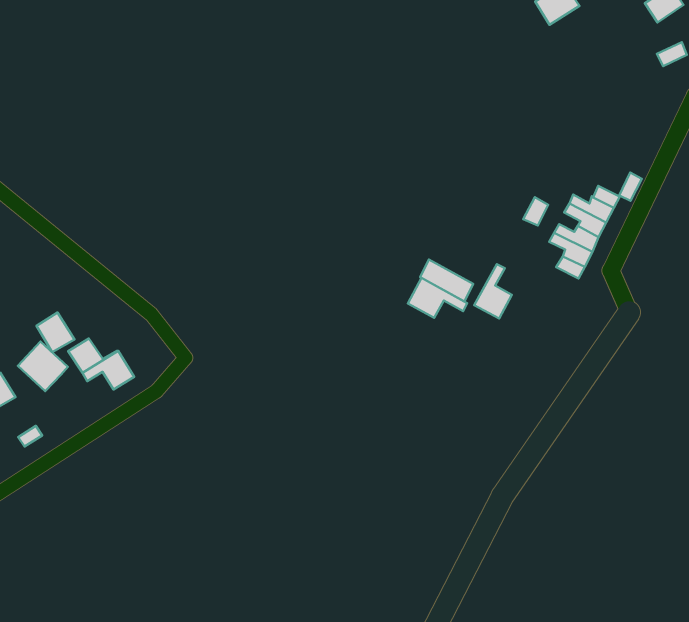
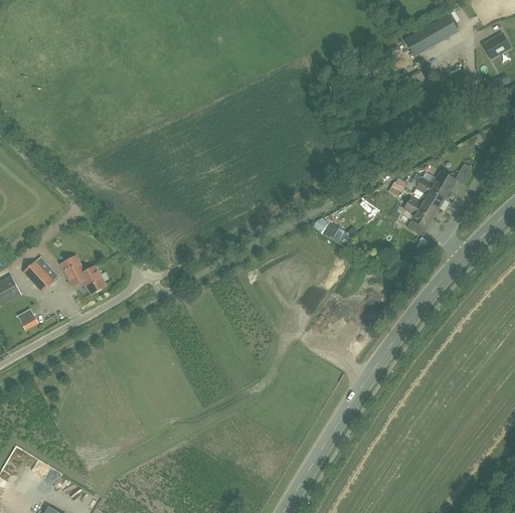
building: [474,264,512,319] -> none
building: [408,278,467,318] -> none
building: [37,312,74,352] -> none

